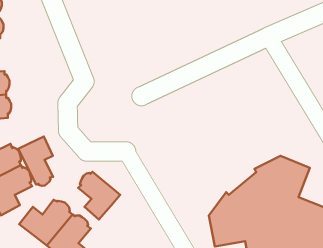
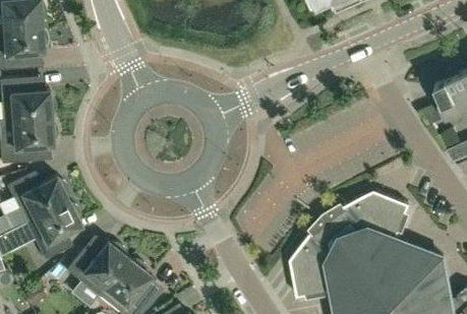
building: [18,137,53,186] -> none
building: [78,172,120,220] -> none

